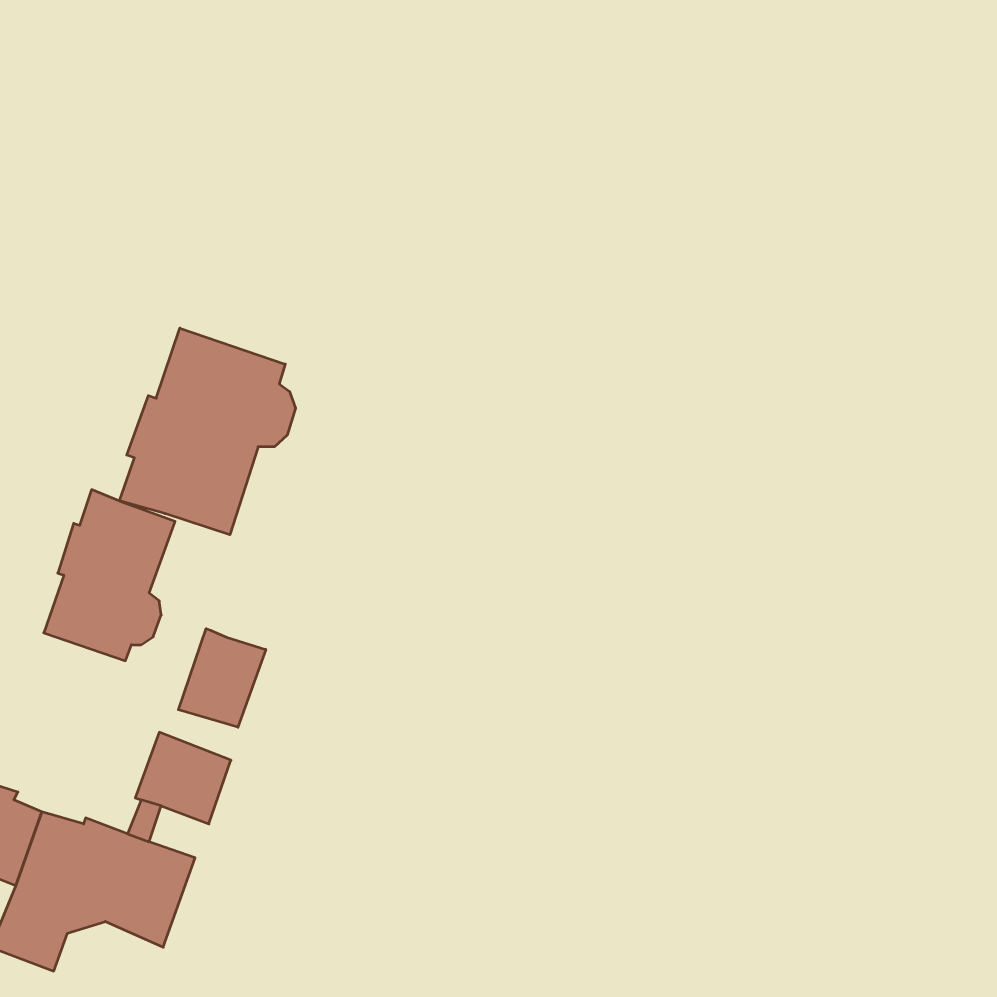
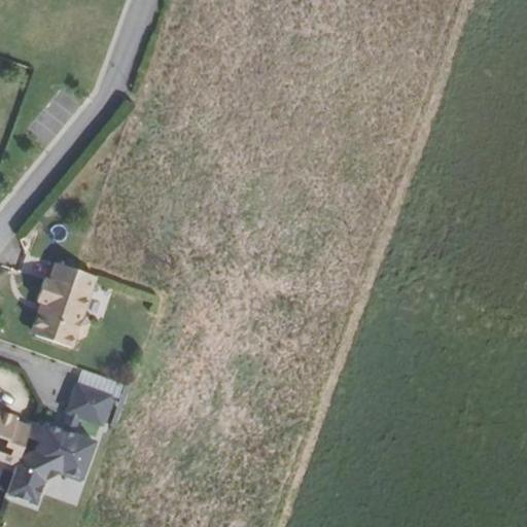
building: [119,328,296,535] -> none
building: [178,629,266,727] -> none

